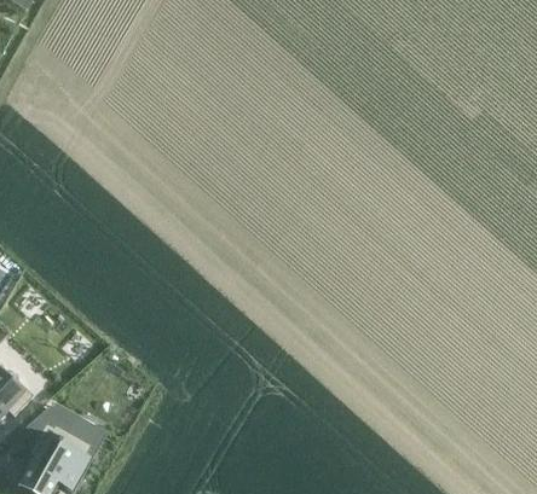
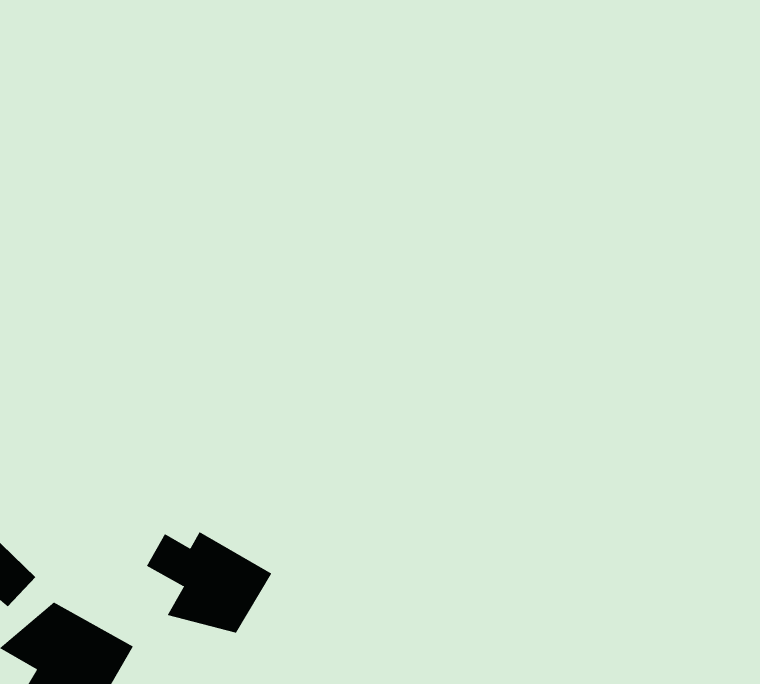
building: none -> [146,531,272,633]

